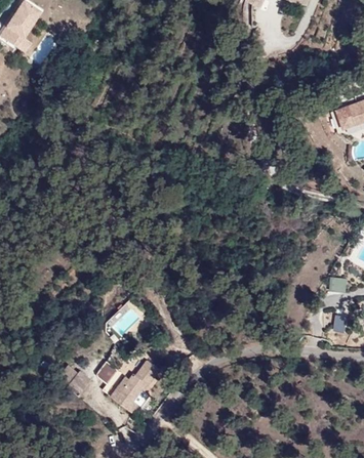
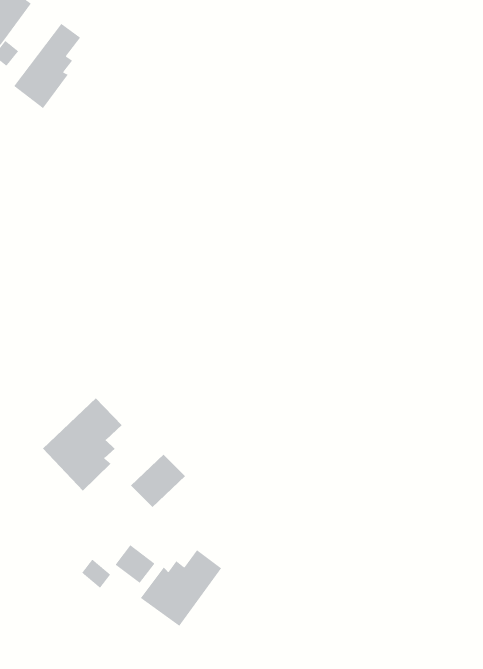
building: none -> [13,23,81,109]
building: none -> [42,398,123,492]

